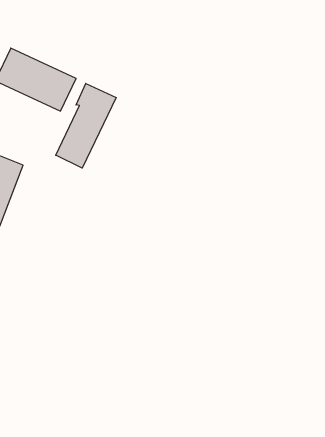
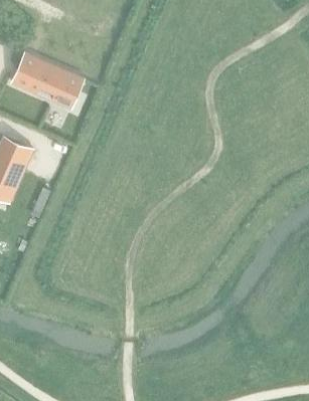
building: [56,83,116,168] -> none

